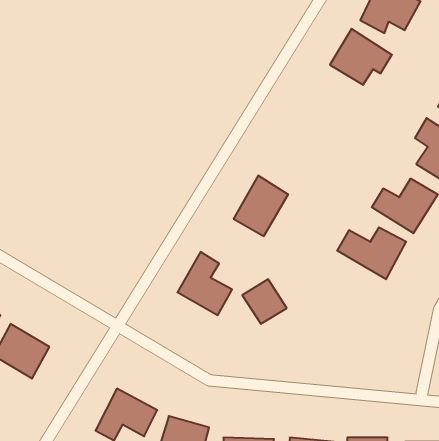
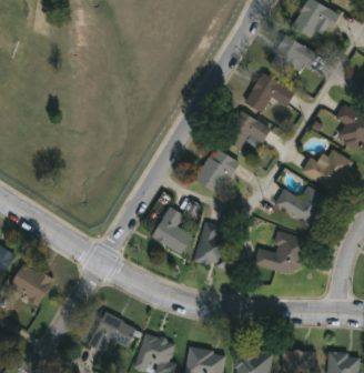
building: none -> [245,72,295,112]
building: none -> [222,109,271,149]
building: none -> [254,231,310,276]

